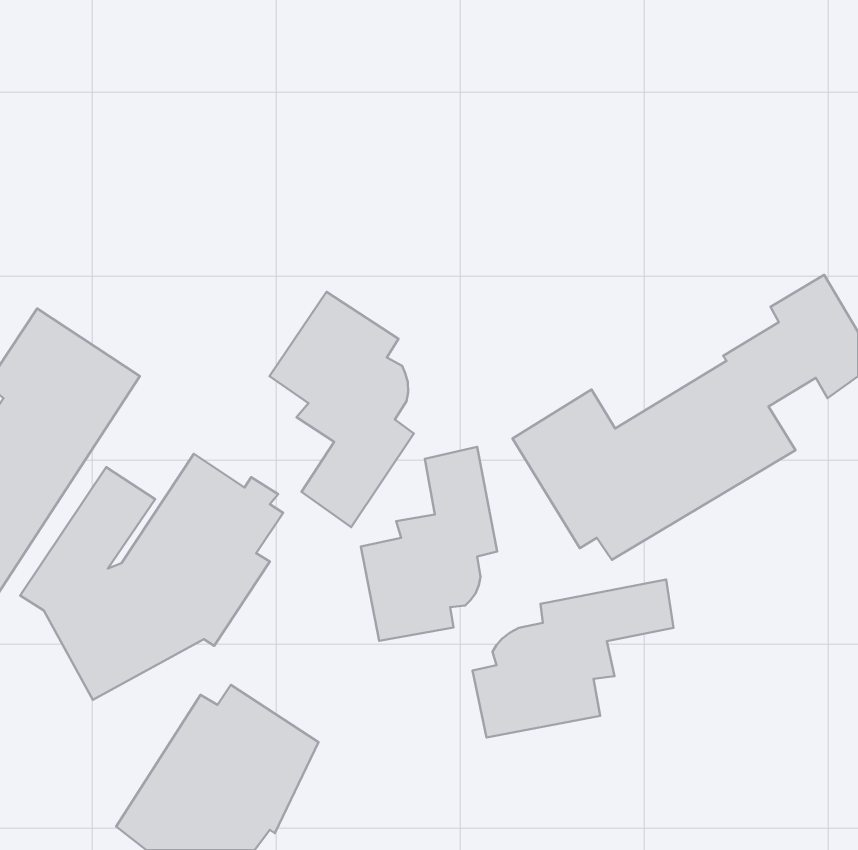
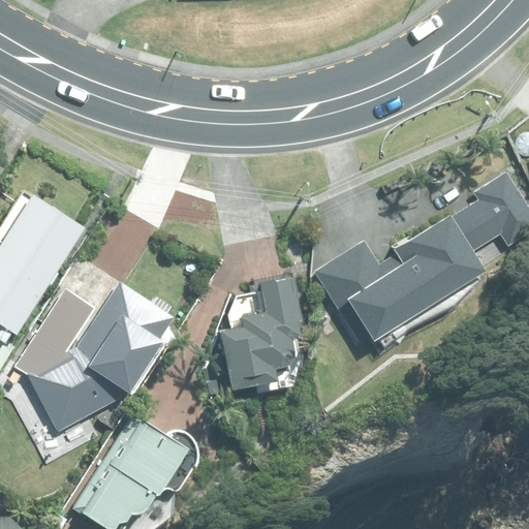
building: [270,292,414,527] -> none
building: [473,580,673,737] -> none

